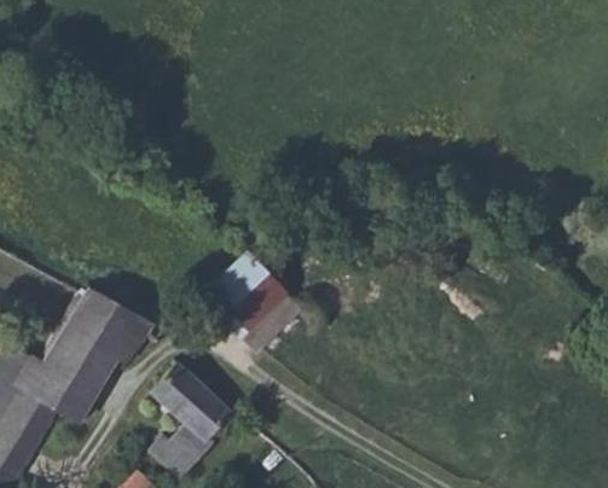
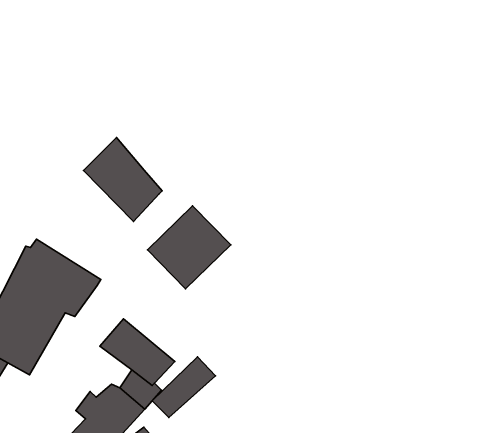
building: none -> [83,137,162,222]
building: [238,291,302,353] -> [152,357,215,418]

